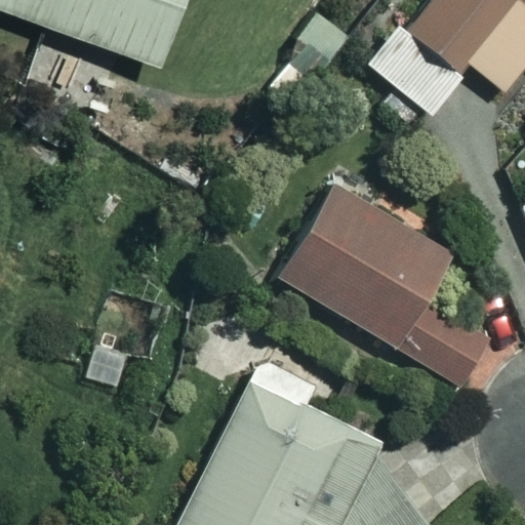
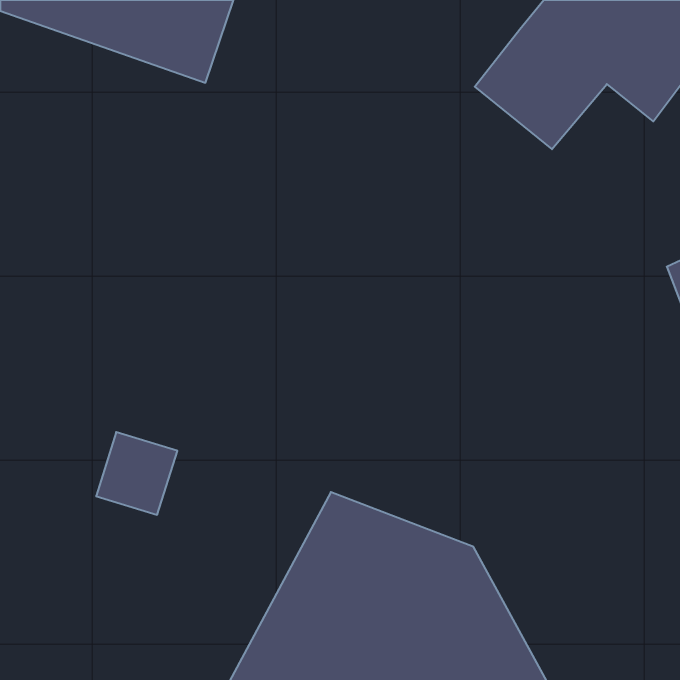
building: [279,179,489,381] -> none

